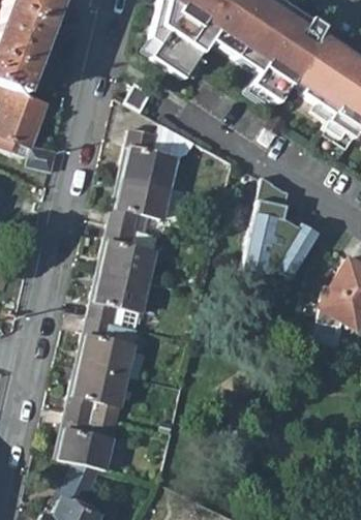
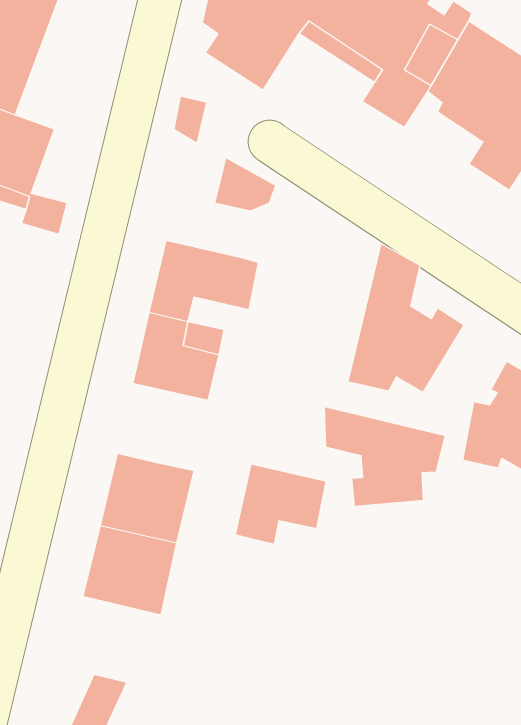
building: [121,129,177,188] -> none
building: [89,271,149,324] -> [235,464,326,544]
building: none -> [324,407,445,506]
building: [56,411,118,471] -> none

